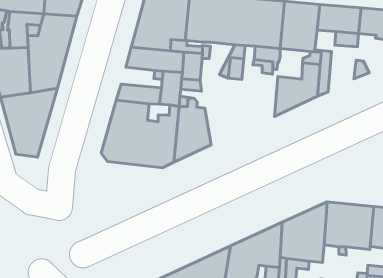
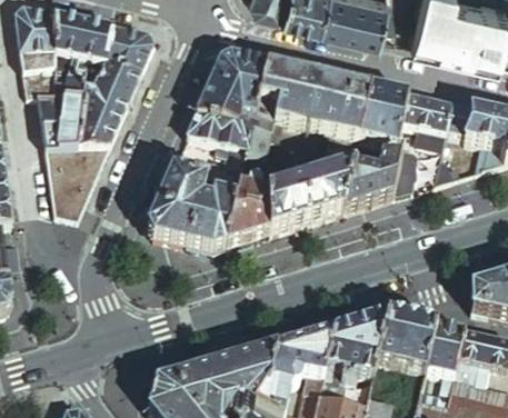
building: none -> [268,162,352,229]

